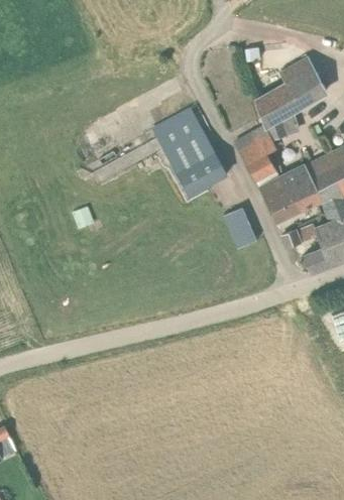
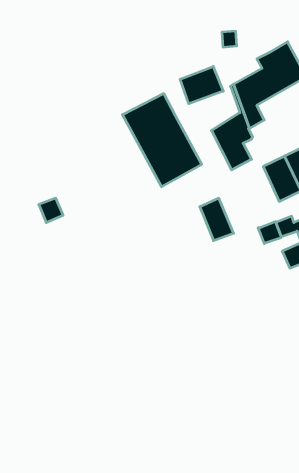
building: none -> [180,66,223,104]
building: [260,176,301,222] -> none

